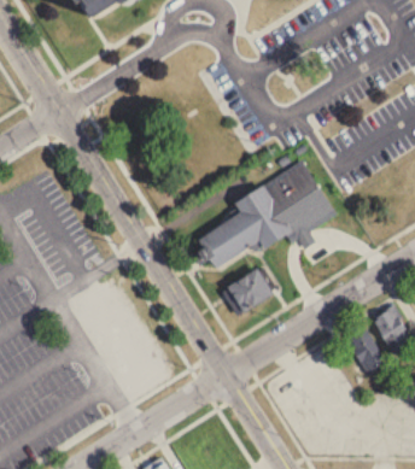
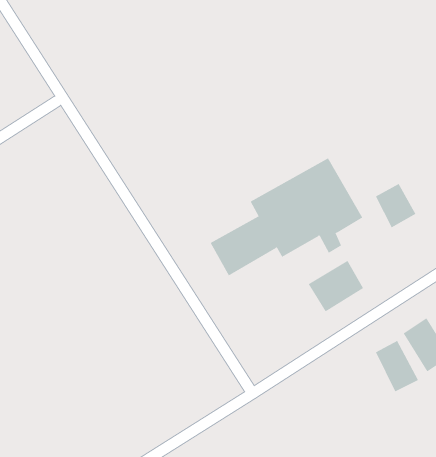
building: none -> [375,183,416,228]
building: [220,268,270,315] -> [308,260,364,312]

